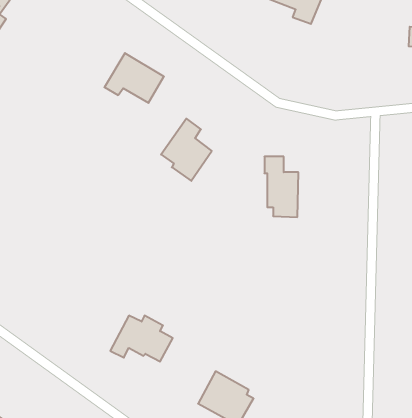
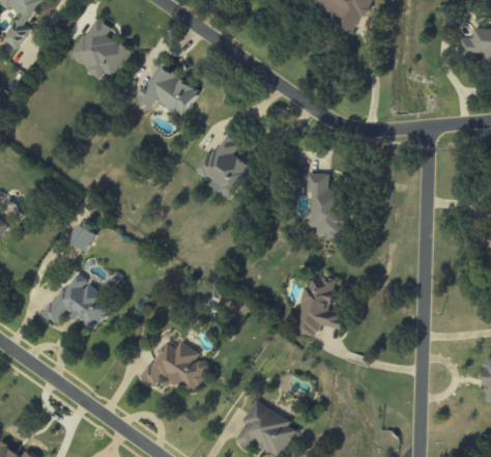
building: none -> [71,13,134,78]
building: none -> [67,224,95,251]
building: none -> [45,270,112,330]
building: none -> [294,276,344,336]

